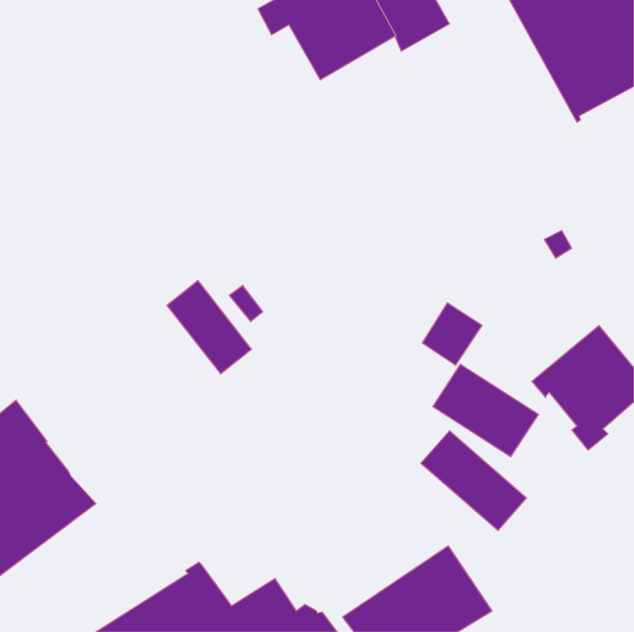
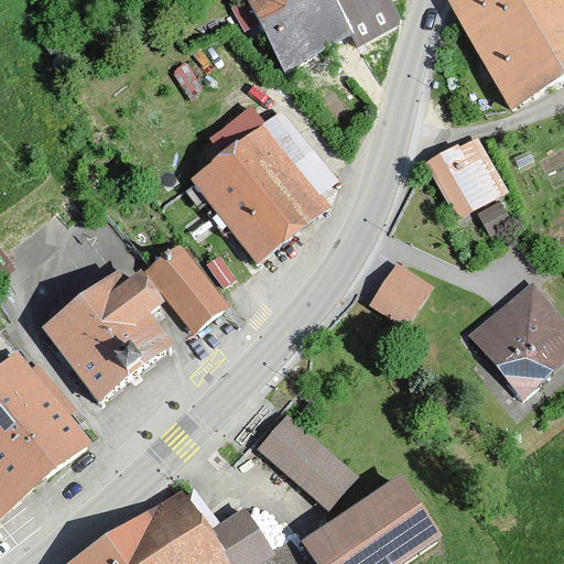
building: none -> [193,108,329,264]
building: none -> [429,142,500,213]
building: none -> [44,275,170,403]
building: [433,364,538,457] -> none
building: [421,431,527,531] -> [259,419,352,507]

